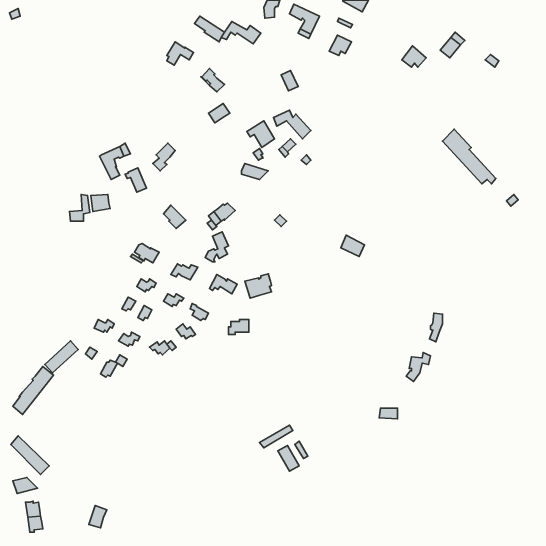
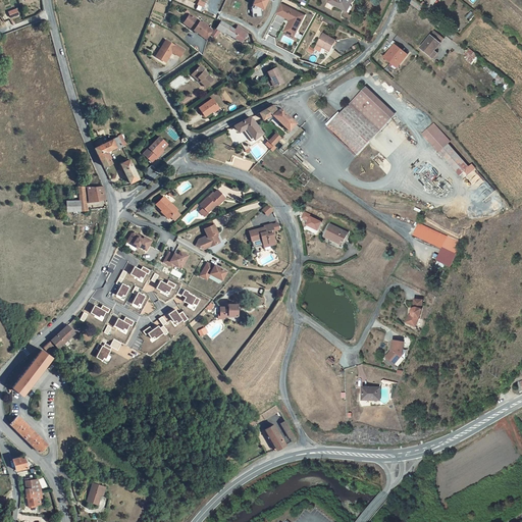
building: none -> [328,87,396,152]
building: none -> [413,224,463,268]
building: [245,274,272,298] -> [250,224,275,248]

